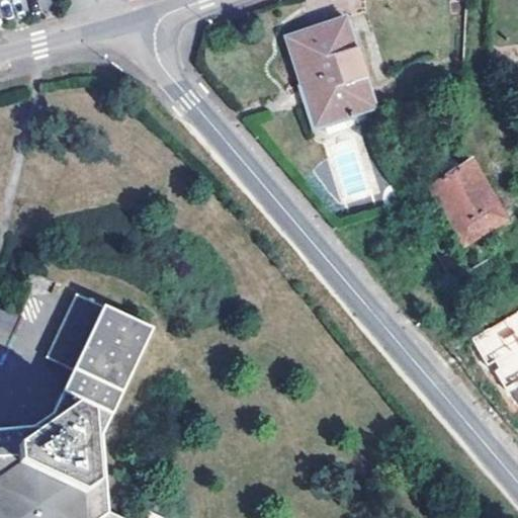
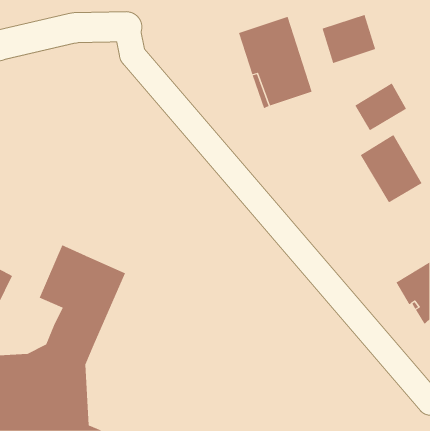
building: none -> [322,14,376,64]
building: none -> [354,83,407,131]

